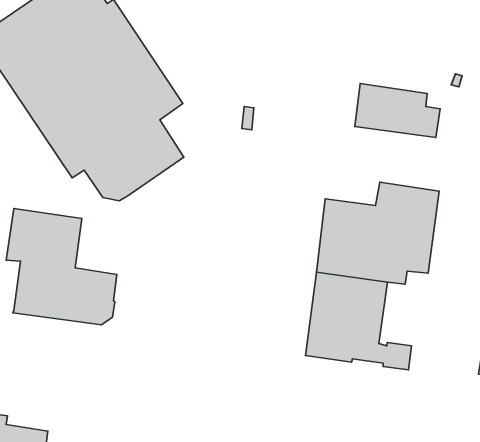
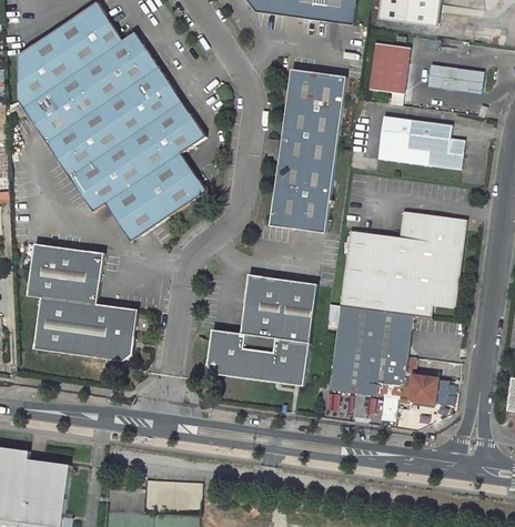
building: none -> [370,43,408,105]
building: none -> [428,69,483,91]
building: none -> [270,70,345,234]
building: none -> [206,272,317,384]

